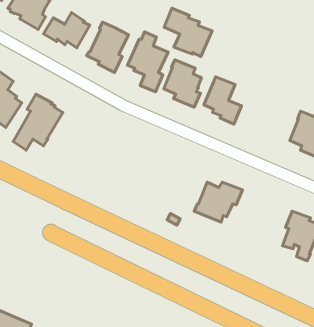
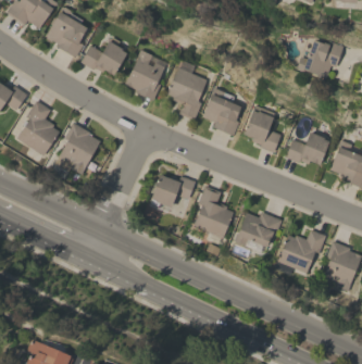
building: [164,8,212,56] -> none
building: none -> [297,40,344,78]
building: none -> [286,131,329,165]
building: none -> [149,175,196,213]
building: none -> [194,186,234,244]
building: none -> [276,229,326,275]

